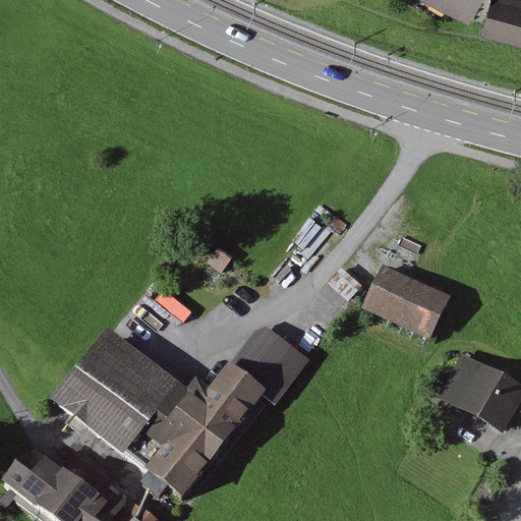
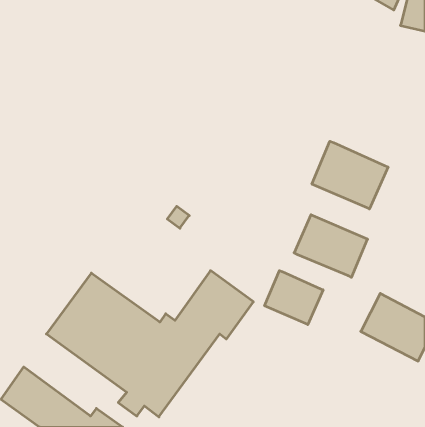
building: none -> [312,141,388,209]
building: none -> [265,271,323,325]

